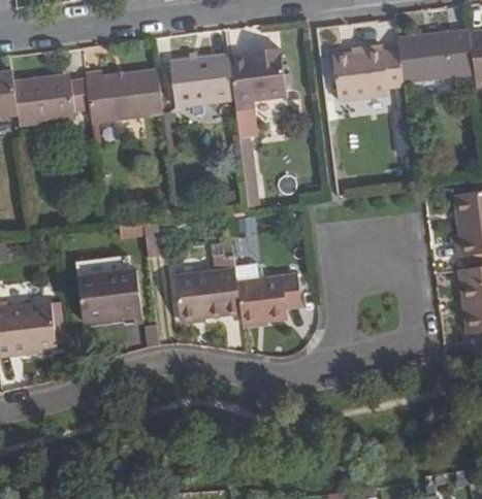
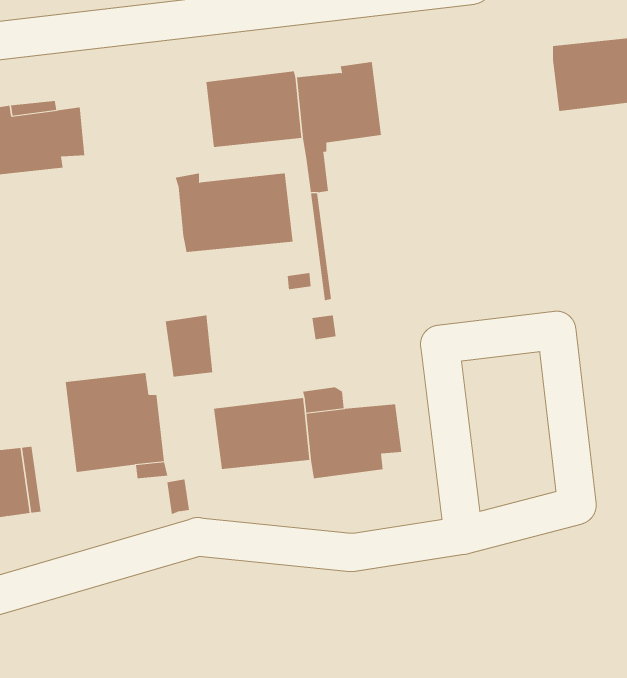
building: [332,44,404,101] -> none
building: [85,69,163,122] -> [175,173,293,253]

